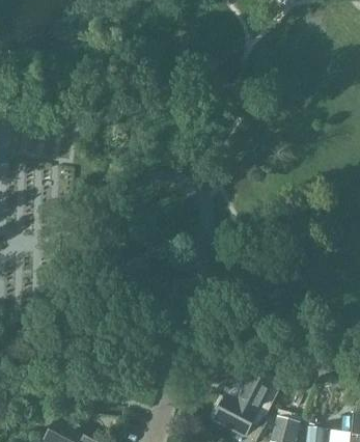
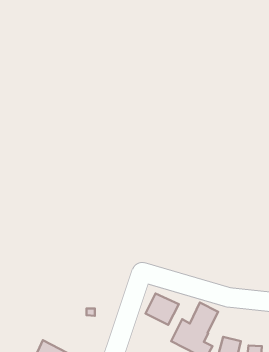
building: none -> [146,294,179,325]

